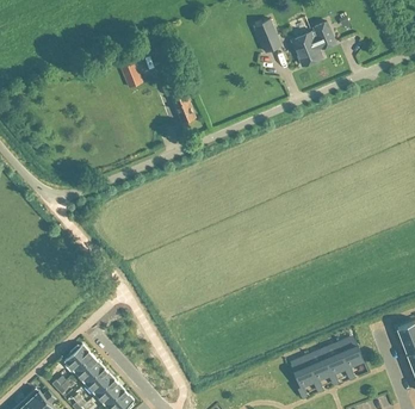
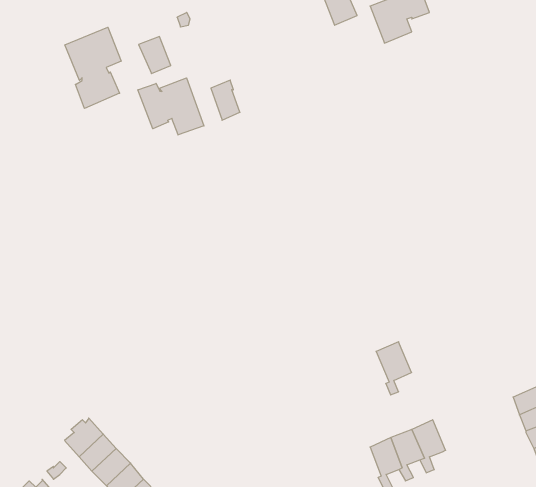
building: none -> [65,27,121,108]
building: none -> [138,78,204,135]
building: [336,337,363,377] -> [376,342,412,395]

